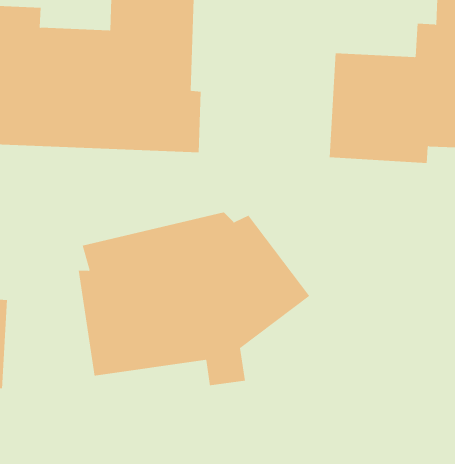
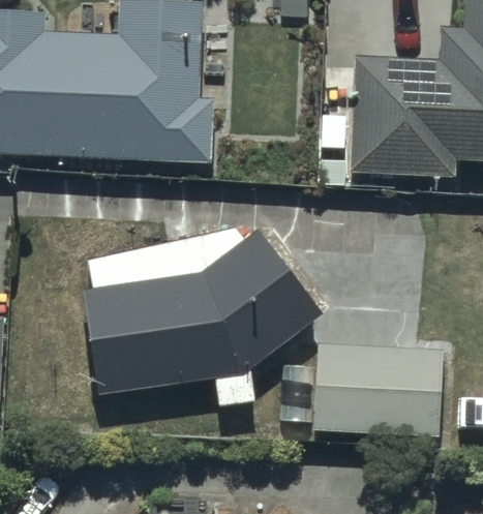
building: none -> [313,343,442,435]

